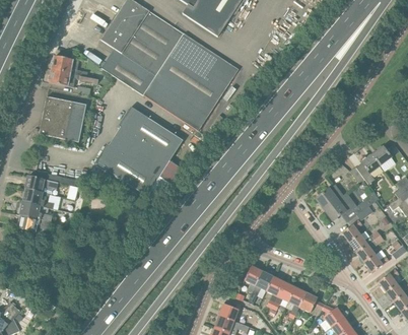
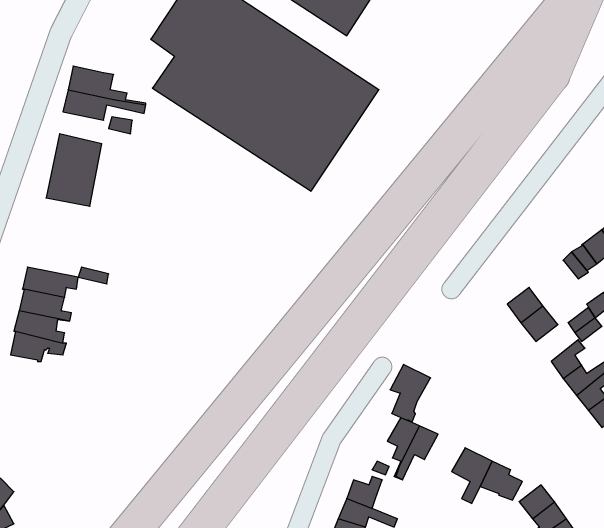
building: [65,102,87,142] -> none
building: [95,107,183,196] -> none
building: [266,276,290,311] -> [390,364,431,422]

